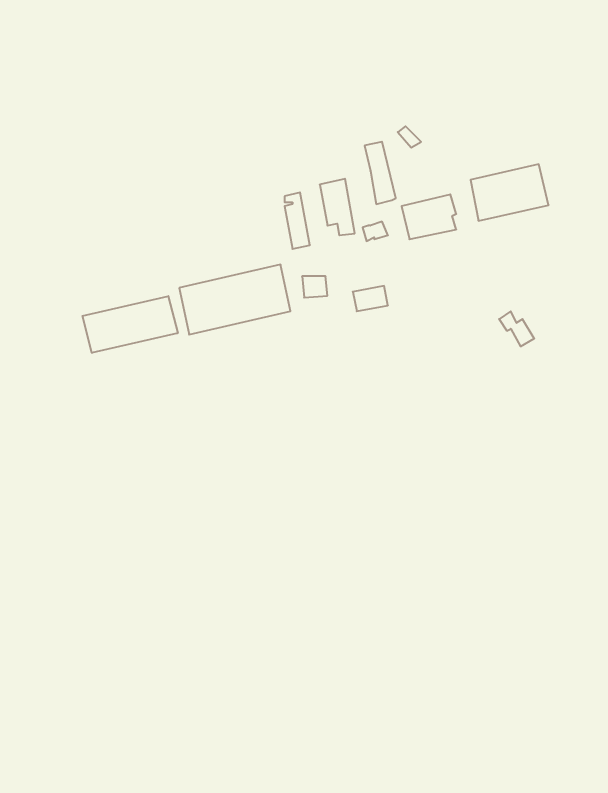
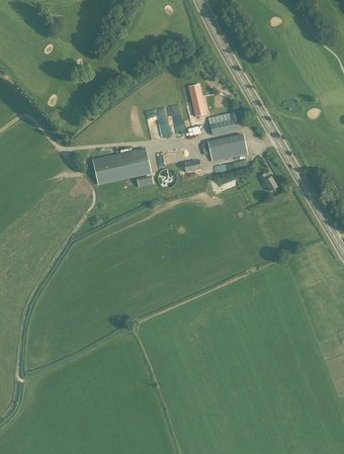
building: [471,164,549,221] -> [207,132,248,162]
building: [82,296,178,353] -> none

